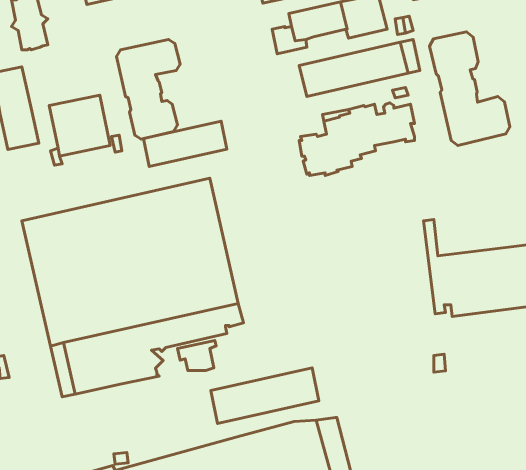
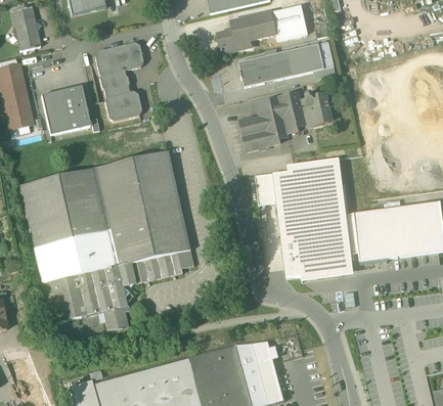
building: [430,32,510,146] -> none
building: [143,121,227,167] -> none
building: none -> [255,159,347,277]
building: [177,341,216,370] -> [98,308,129,331]
building: [211,368,319,423] -> none

